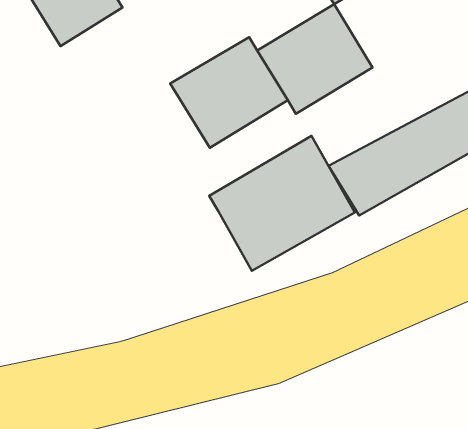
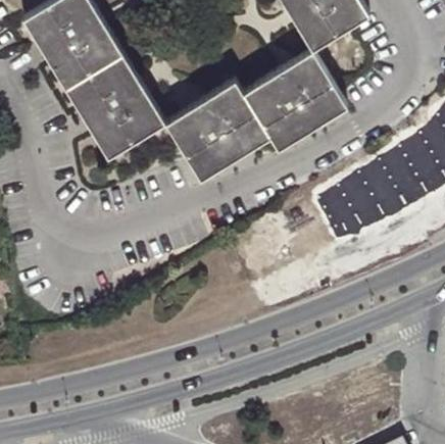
building: none -> [66,53,165,157]
building: [209,136,355,271] -> none

